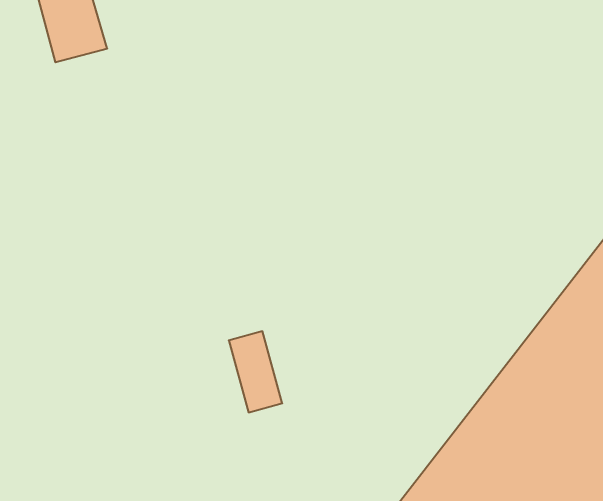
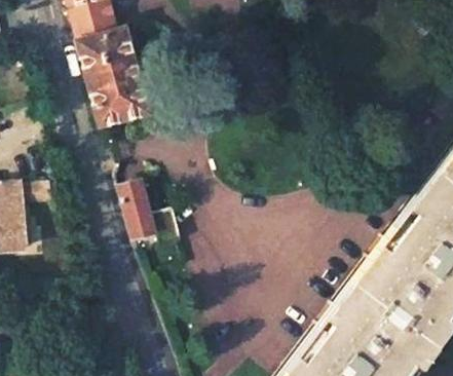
building: none -> [81,33,145,124]
building: [229,331,282,412] -> [121,186,157,240]

